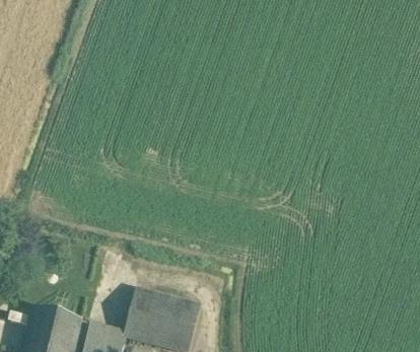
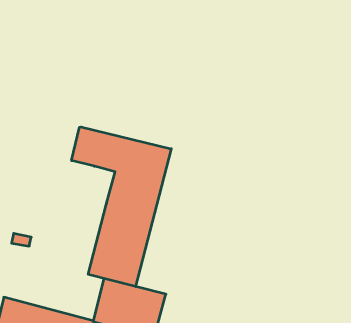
building: none -> [72,127,171,287]

